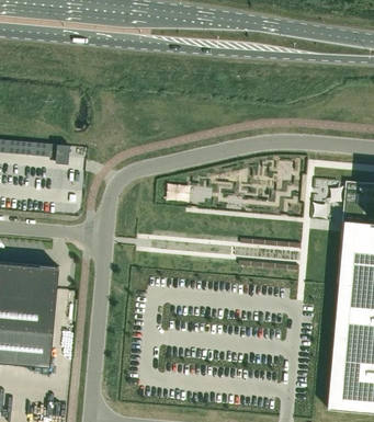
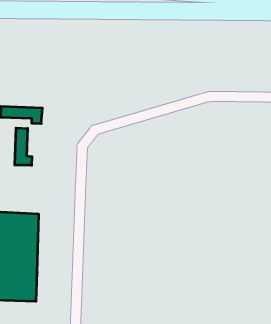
building: none -> [15,128,32,165]

